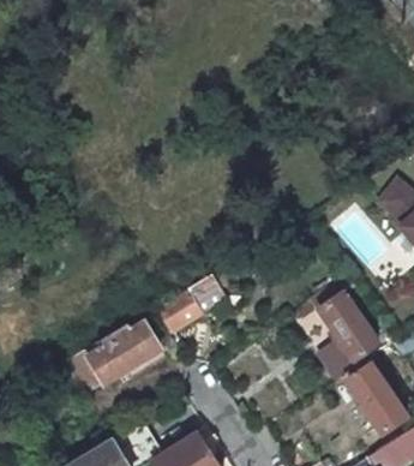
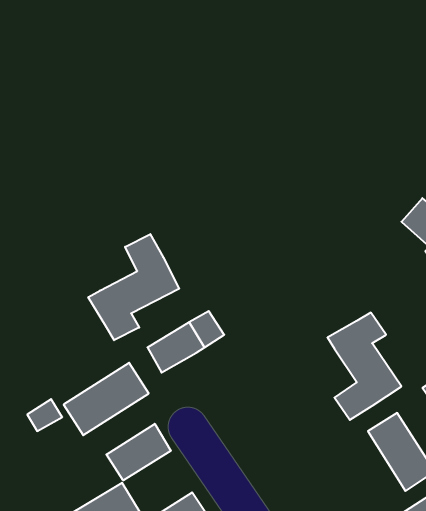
building: none -> [88,234,179,340]
building: none -> [106,424,171,480]

